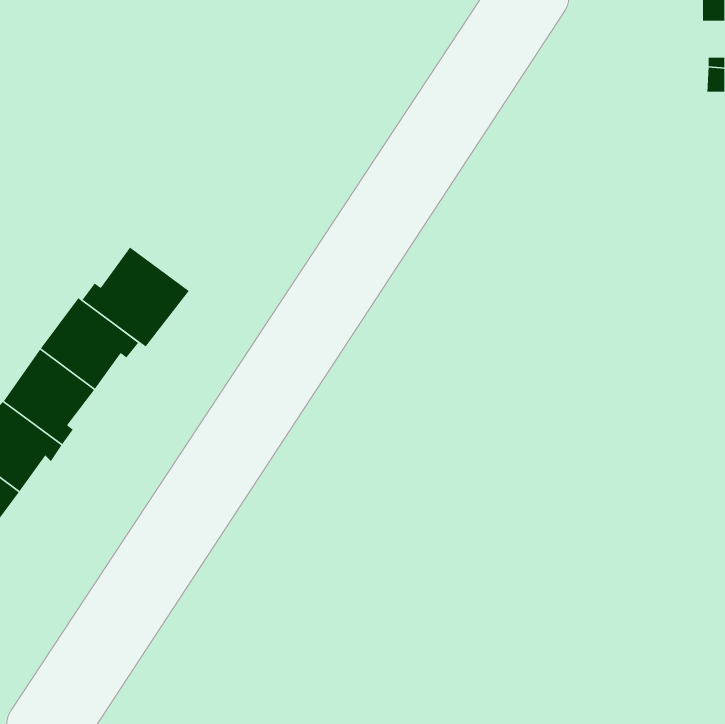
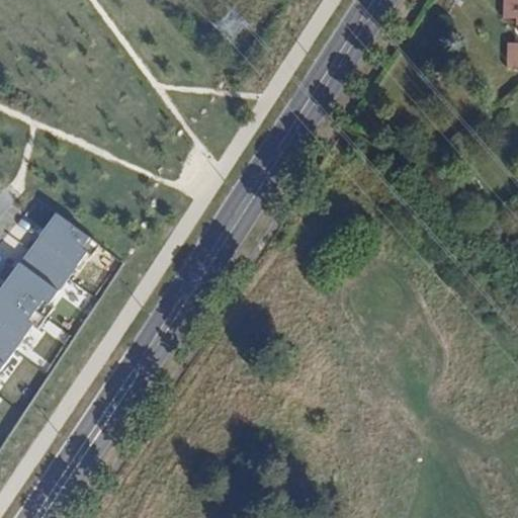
building: [81,247,190,348] -> none

